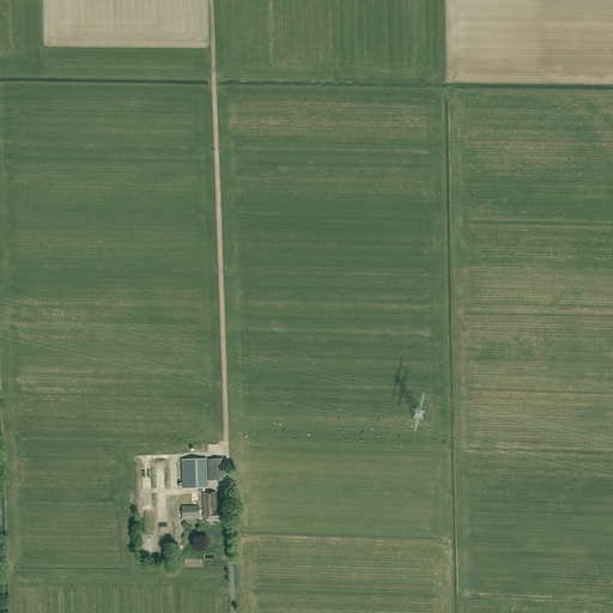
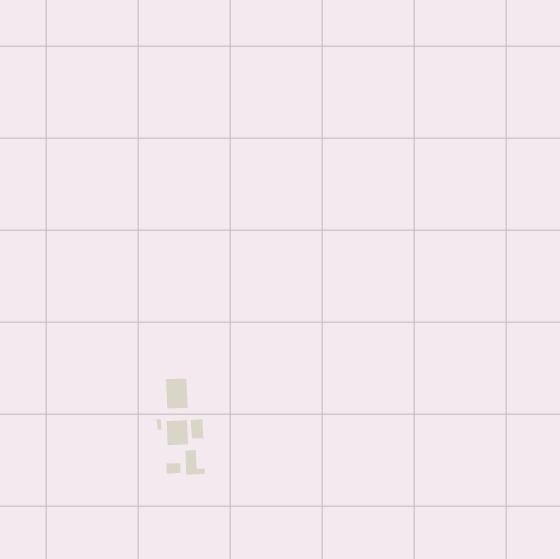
building: none -> [165,378,189,409]

